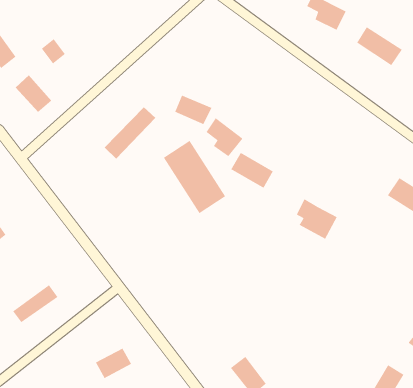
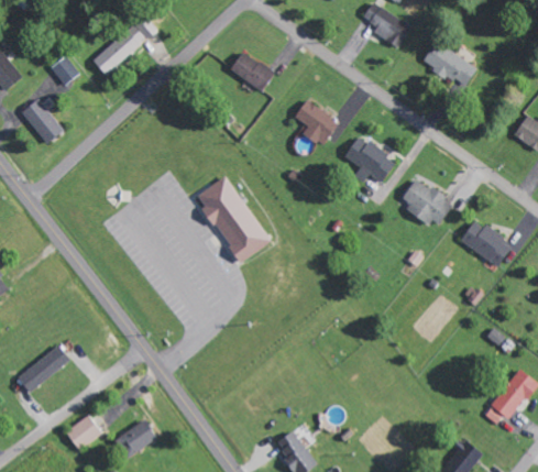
building: [174,95,212,125] -> [230,53,275,89]
building: [104,107,156,160] -> [94,14,155,77]
building: [205,117,244,157] -> [295,99,340,146]
building: [230,152,274,189] -> [344,136,396,180]
building: [296,198,338,240] -> [404,178,453,228]
building: none -> [66,416,101,449]

